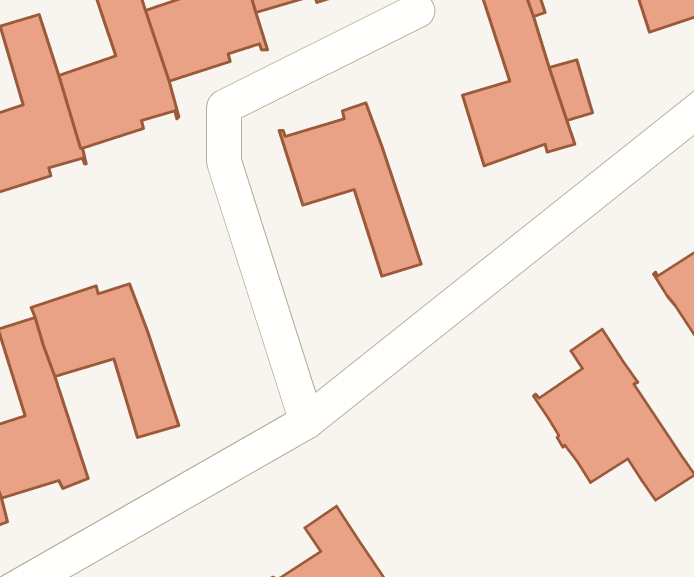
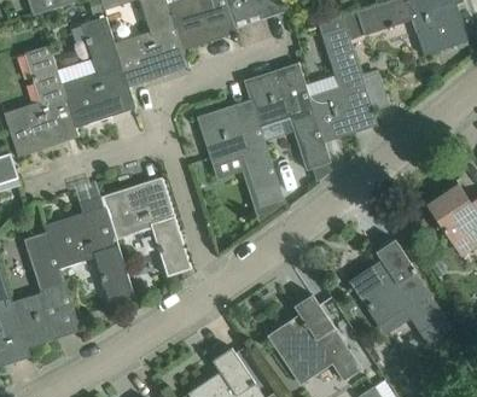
building: none -> [243,64,330,170]
building: none -> [100,177,191,278]
building: none -> [268,294,359,383]

